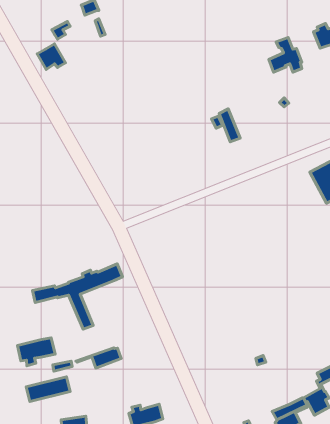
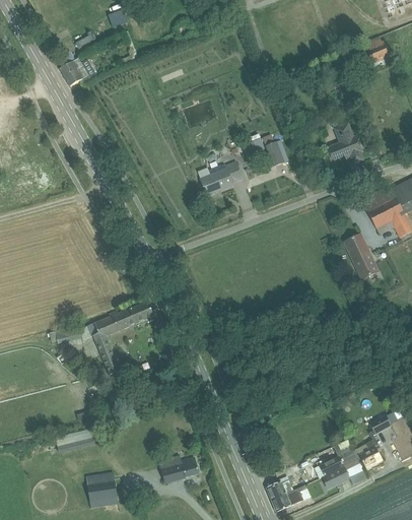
building: [269,37,302,72] -> [326,124,362,162]
building: none -> [200,161,242,195]
building: none -> [344,235,377,278]
building: [17,338,55,366] -> none
building: [76,348,121,368] -> none

